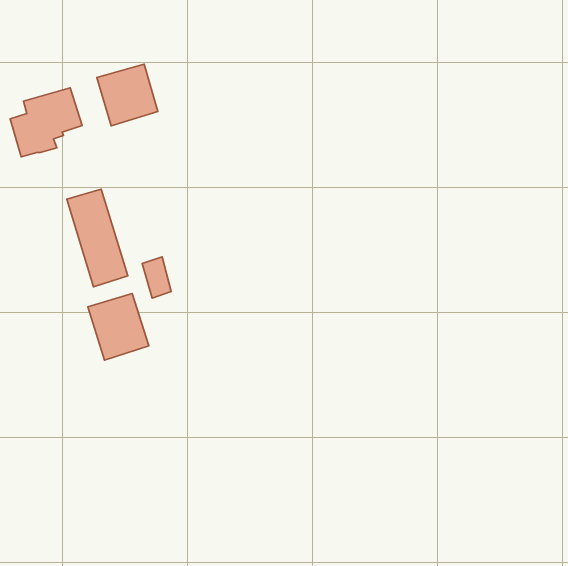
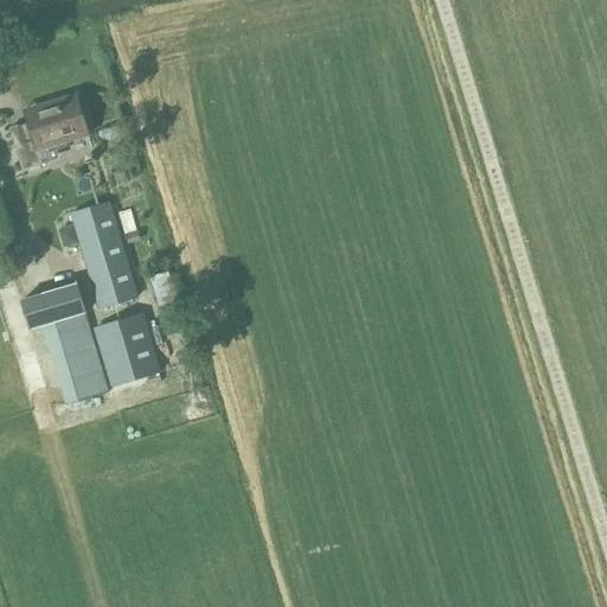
building: [97,64,158,126] -> none
building: none -> [21,285,109,403]

